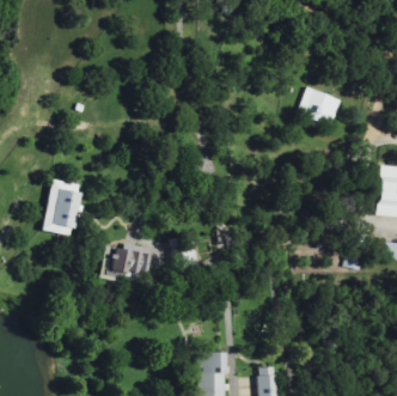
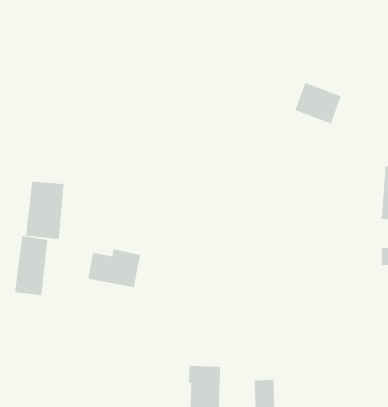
building: none -> [14,235,48,296]

